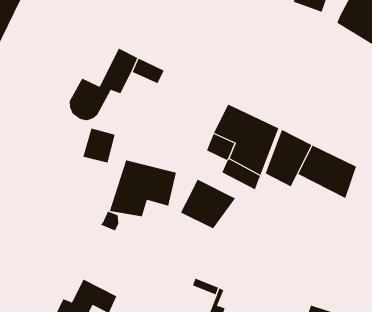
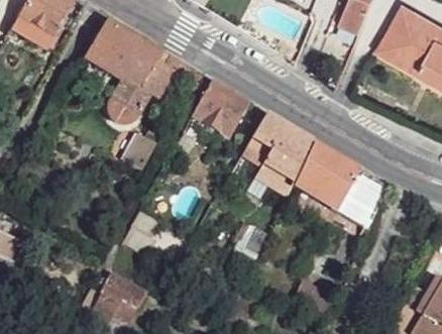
building: none -> [88,21,164,90]
building: none -> [194,83,249,137]
building: [109,160,177,217] -> none
building: [180,179,236,229] -> none

